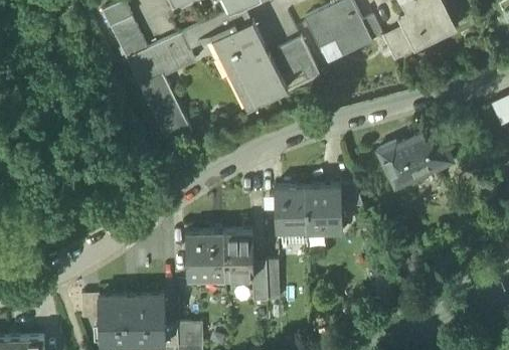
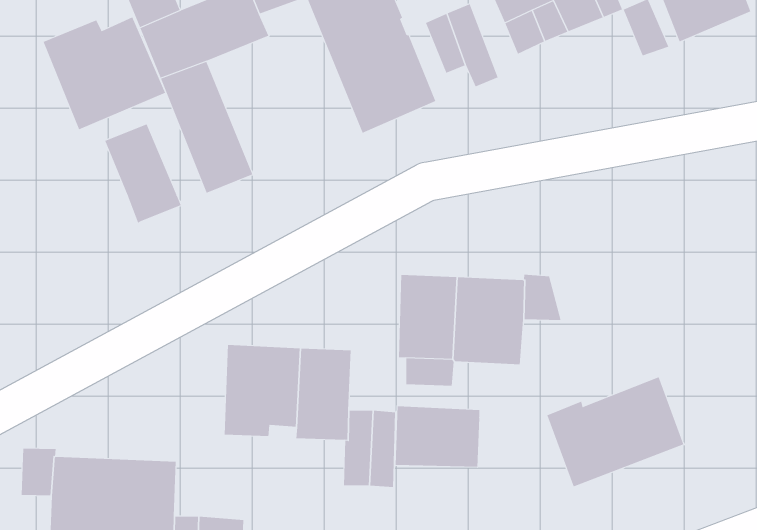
building: none -> [43,16,166,130]
building: none -> [105,123,182,223]
building: [378,124,453,186] -> [547,376,684,487]
building: none -> [395,406,480,467]

